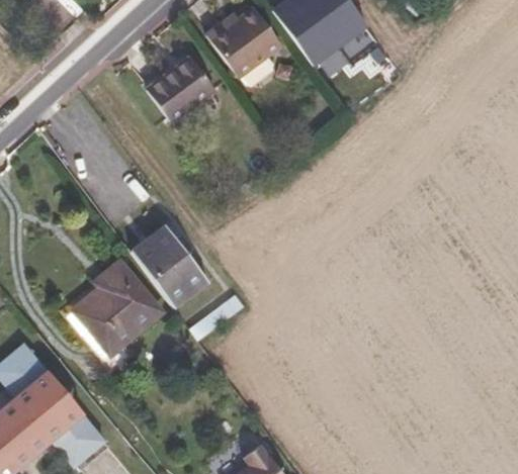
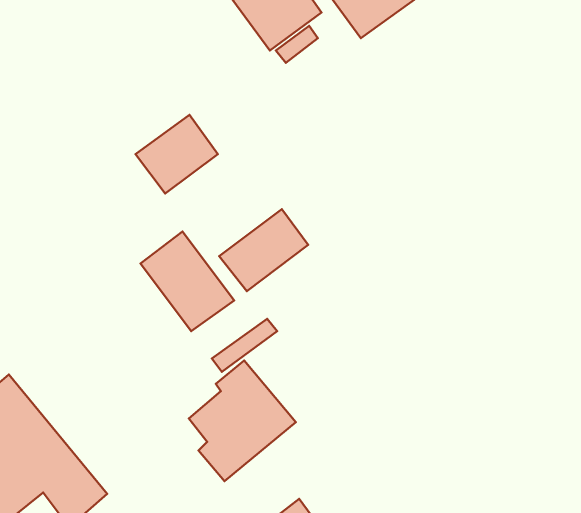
building: [147,57,214,121] -> [135,115,218,194]
building: none -> [219,209,308,291]
building: [72,261,160,360] -> [189,360,296,481]

